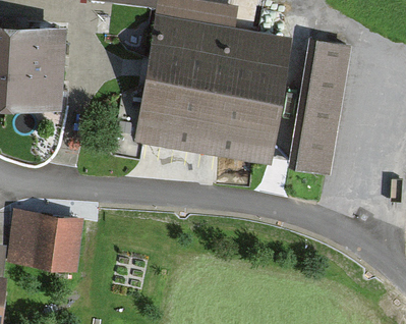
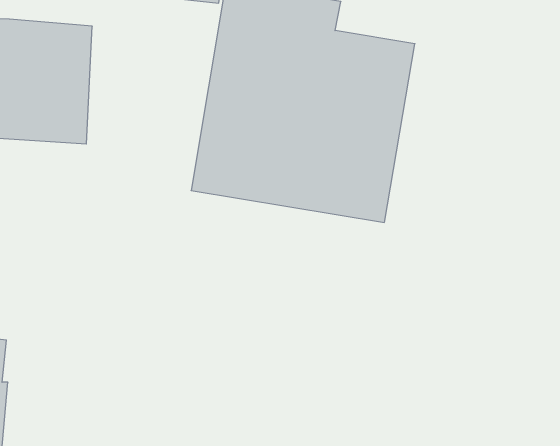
building: [292,42,350,170] -> none
building: [6,209,82,271] -> none

